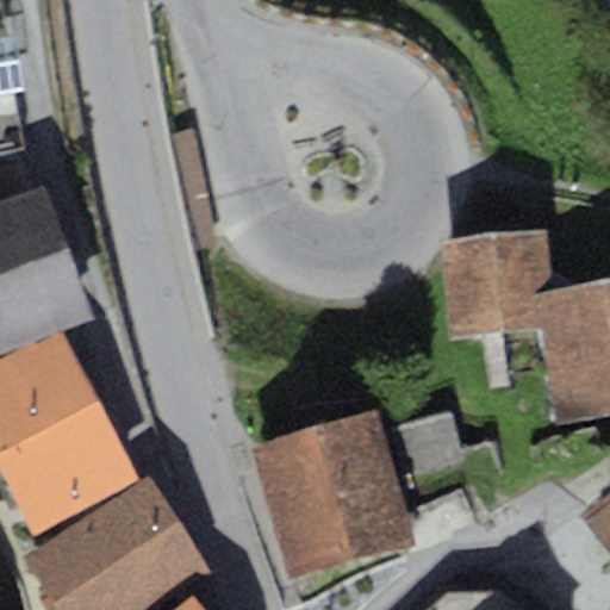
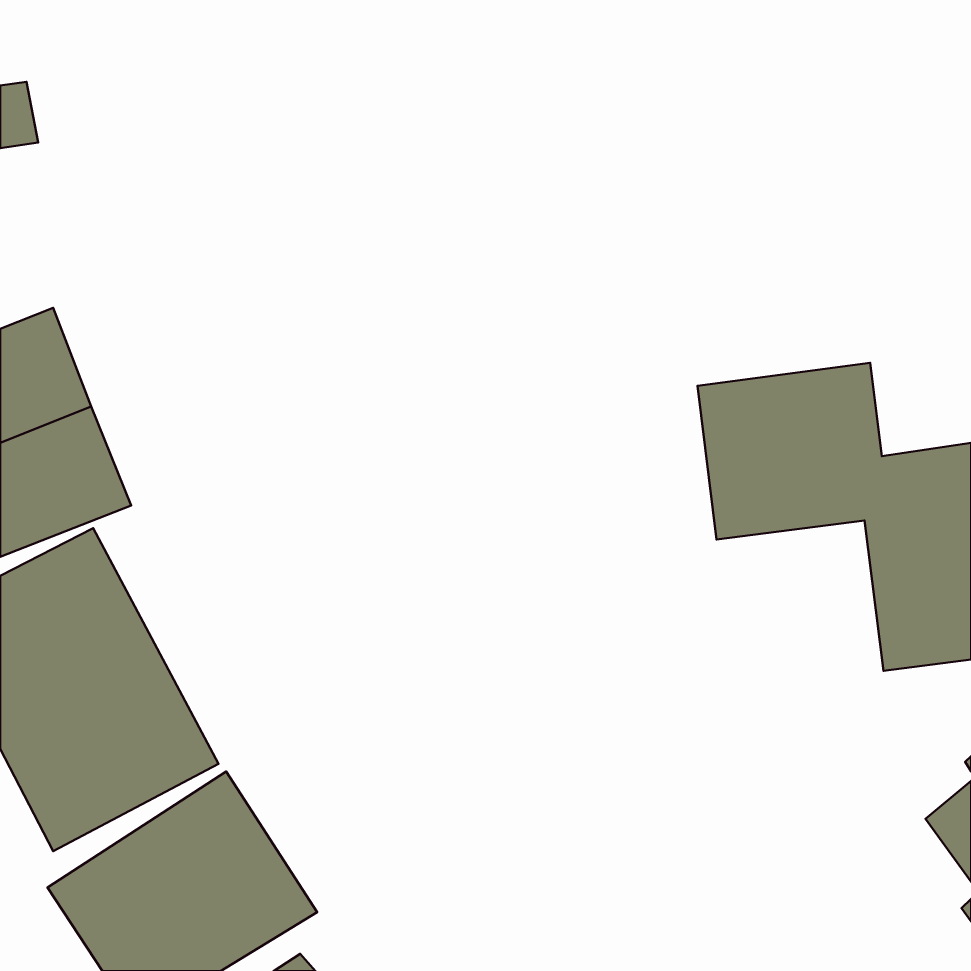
building: [251,411,415,579] -> none

